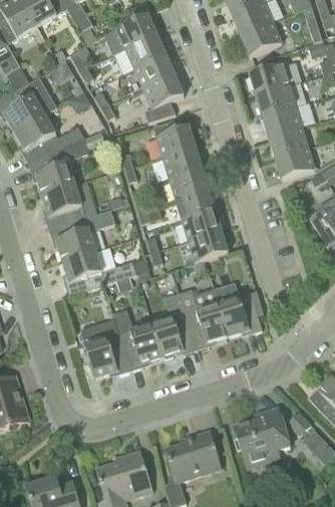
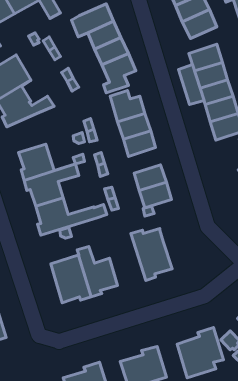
building: none -> [178,65,204,104]
building: [27,131,105,194] -> none
building: [175,188,214,219] -> none
building: [217,290,263,335] -> none
building: [151,292,196,357] -> none

